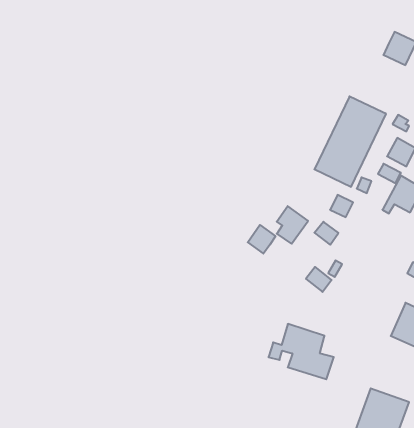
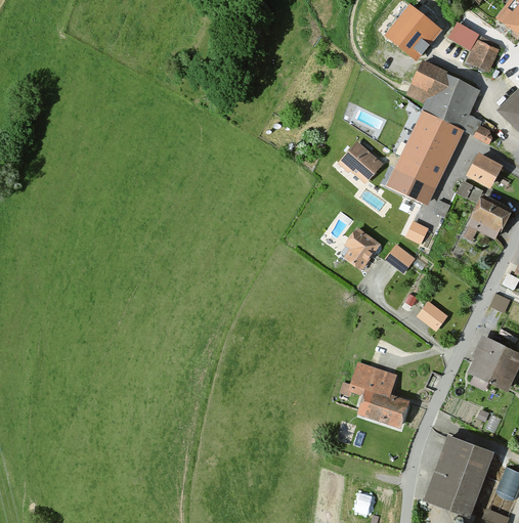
building: none -> [388,9,440,61]
building: none -> [447,19,479,48]
building: none -> [405,63,479,125]
building: none -> [340,144,381,183]
building: [248,225,275,254] -> none
building: [306,267,332,292] -> [418,300,446,328]

